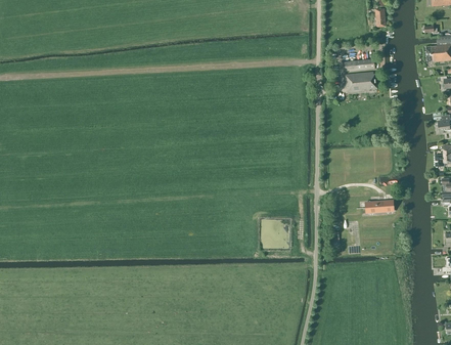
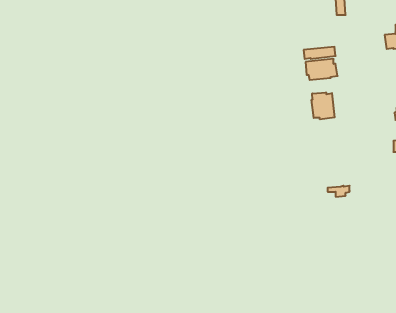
building: none -> [312,92,335,119]

